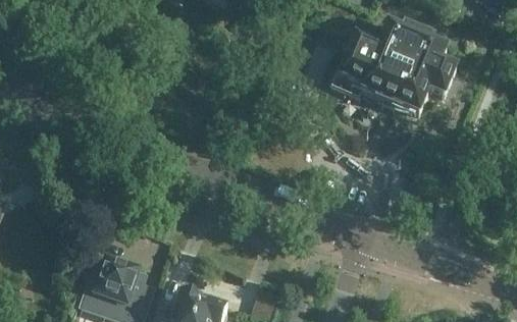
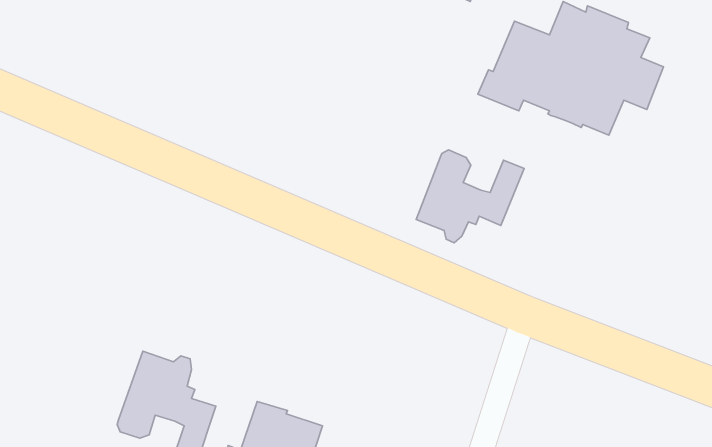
building: none -> [416,150,524,243]

